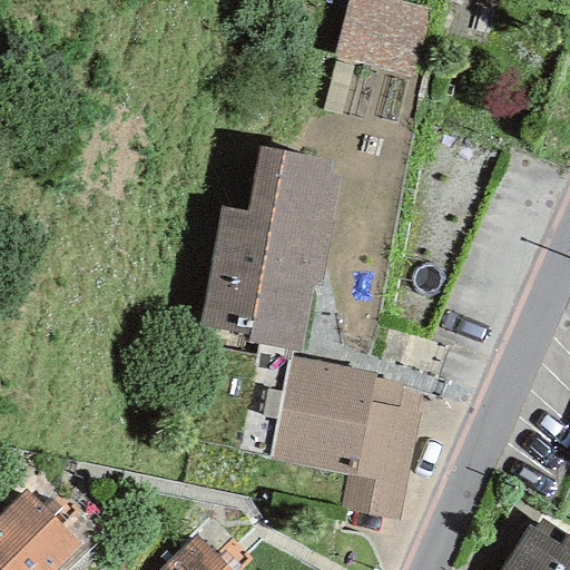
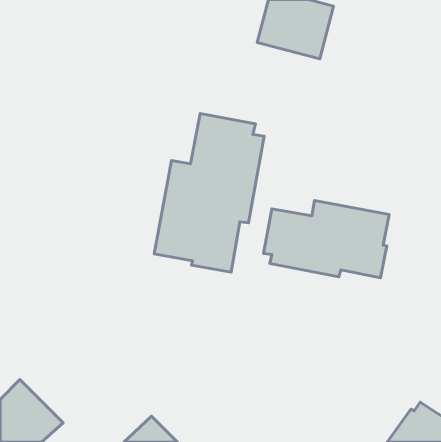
building: none -> [263,201,389,278]
building: [269,356,422,520] -> none

